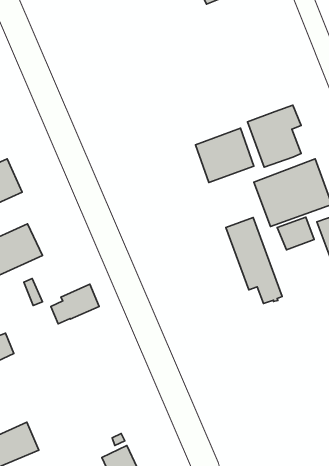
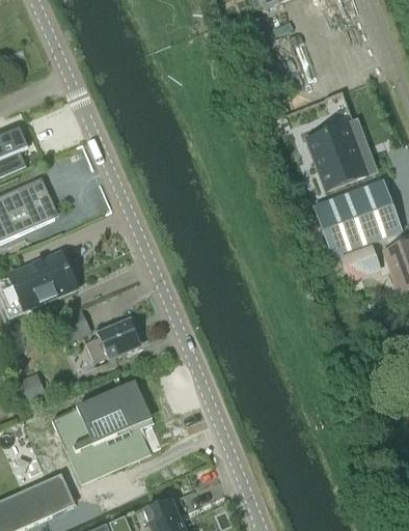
building: [195,128,254,183] -> none
building: [226,217,282,304] -> none
building: none -> [51,380,163,470]

